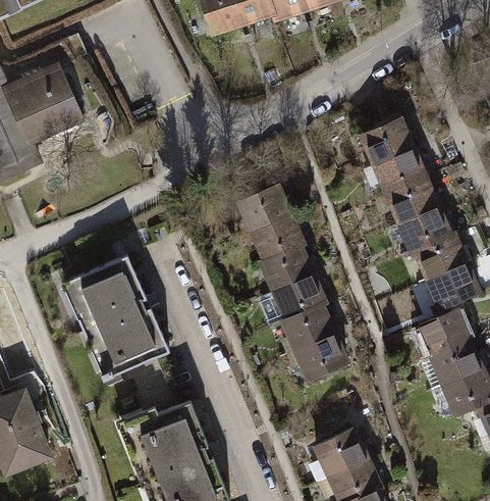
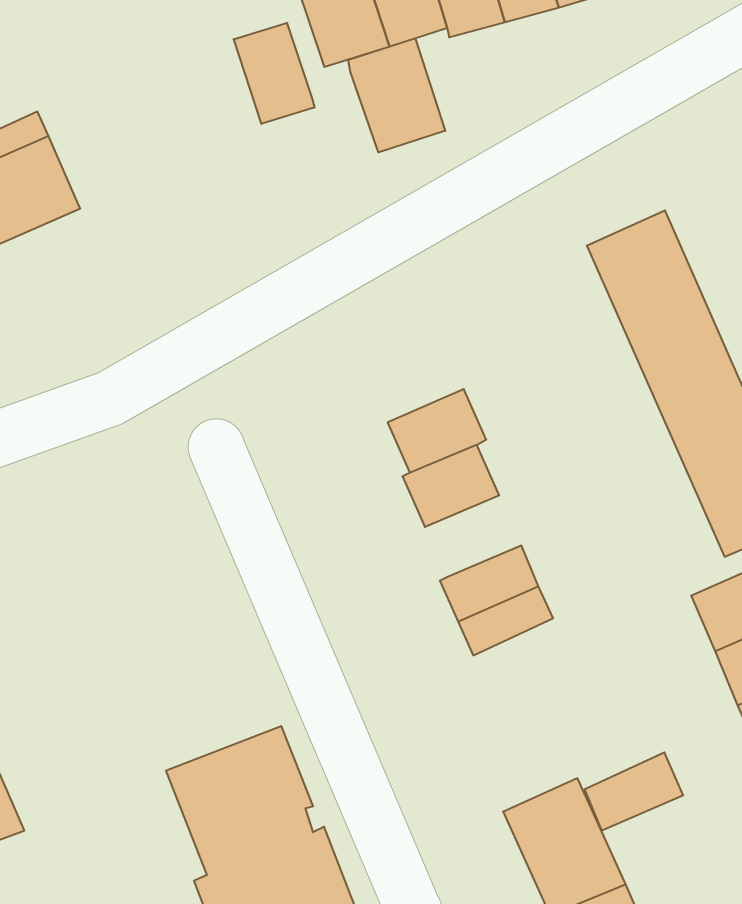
building: none -> [234,23,315,124]
building: none -> [348,38,445,152]
building: [236,184,291,233] -> none
building: [71,253,170,378] -> none
building: [270,272,323,317] -> none
building: [296,340,350,383] -> [585,752,683,831]

